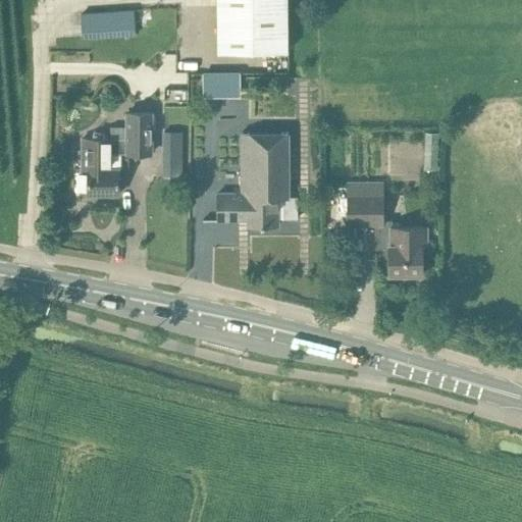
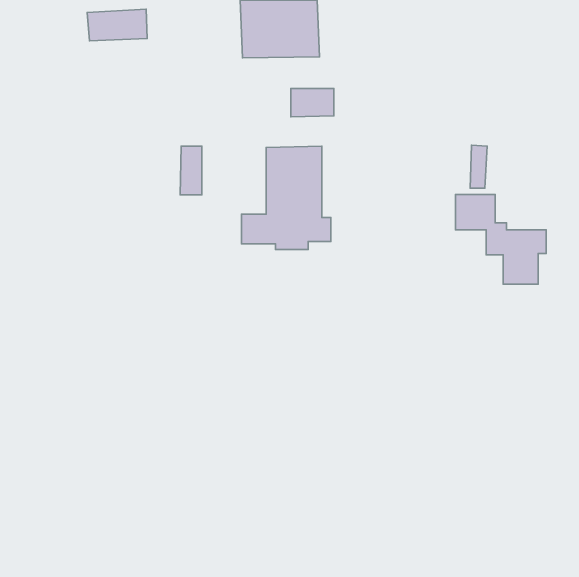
building: [200,72,239,98] -> [291,89,334,117]
building: [82,112,152,196] -> none
building: [347,195,428,275] -> [456,195,546,284]

